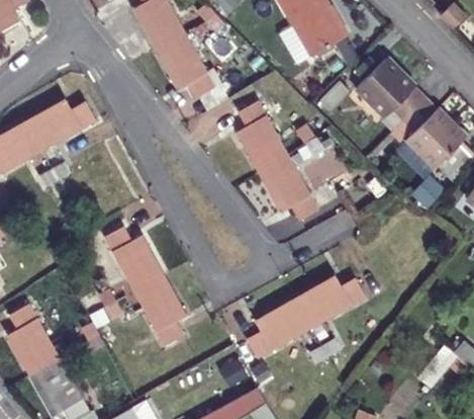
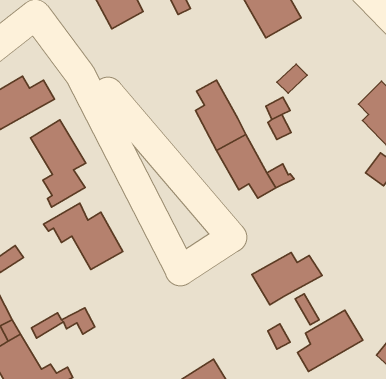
building: [154,32,214,97] -> none
building: [355,62,424,125] -> none
building: none -> [31,120,86,207]
building: [132,273,187,356] -> none
building: [247,297,312,358] -> [298,310,363,371]

